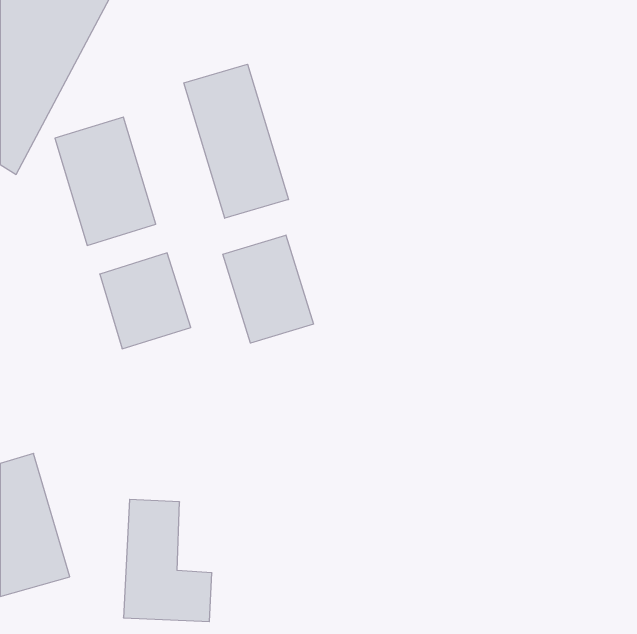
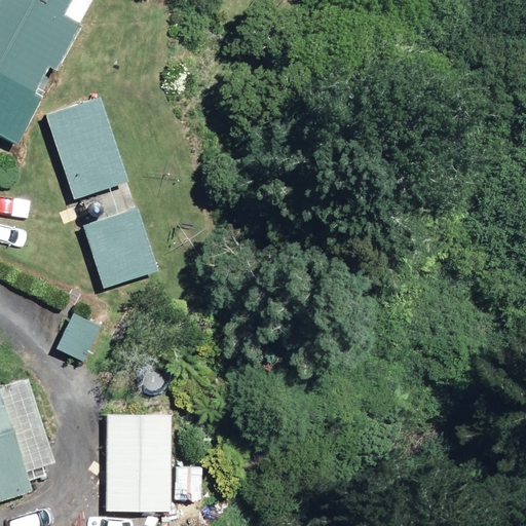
building: [184,64,288,218] -> none
building: [223,235,313,343] -> none

